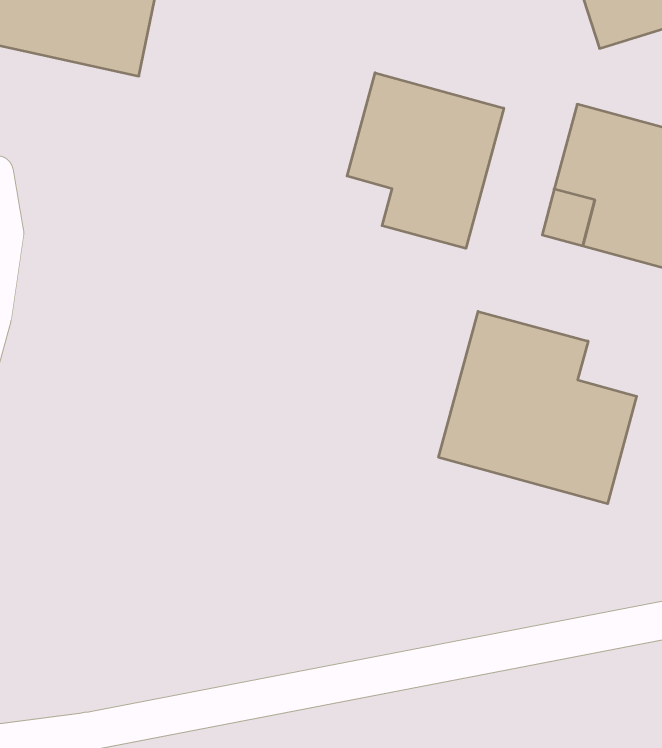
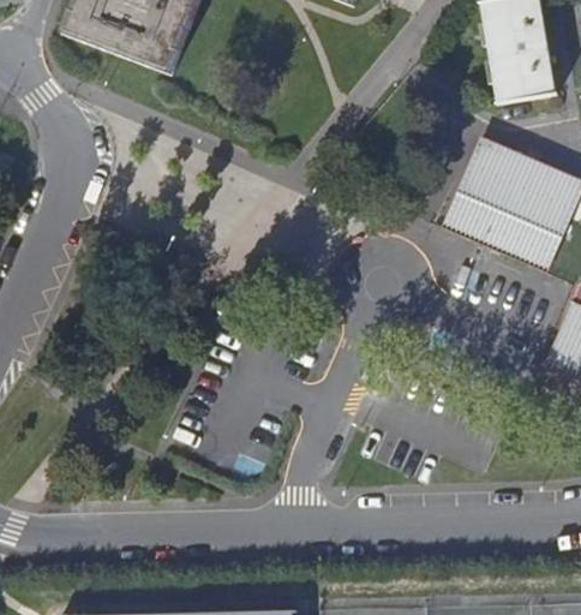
building: [347,73,504,248] -> none
building: [439,311,637,504] -> none

